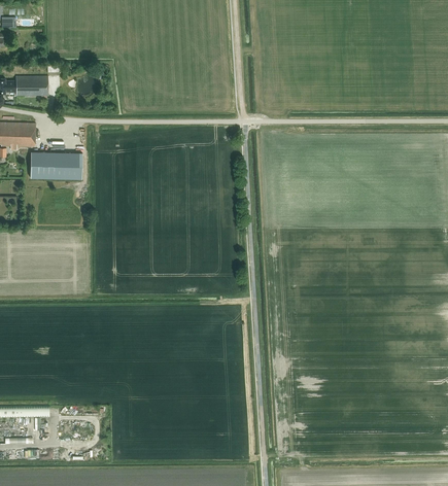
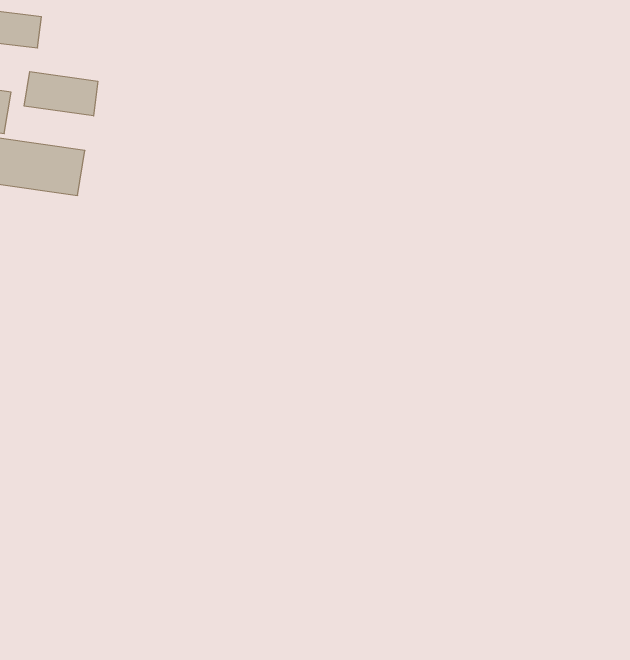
building: none -> [24,72,98,116]

